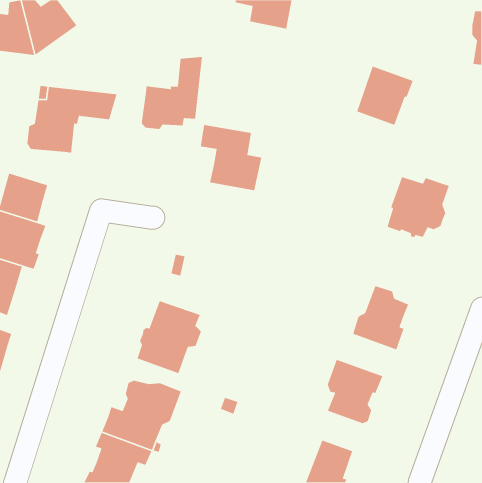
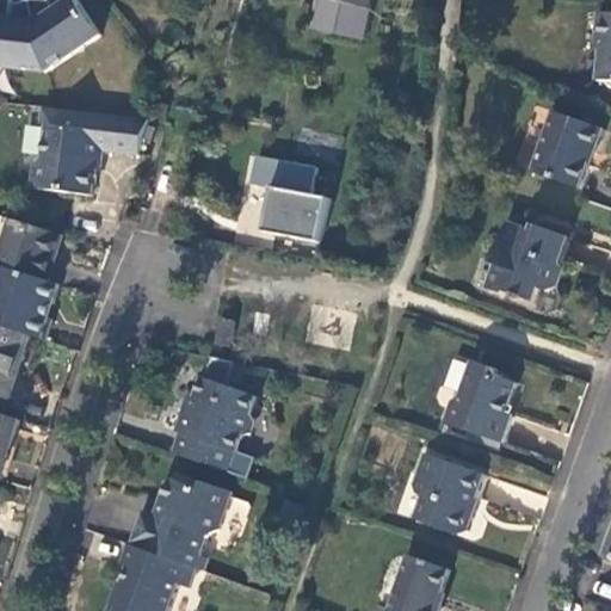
building: [141,56,203,130] -> none
building: [356,65,414,126] -> [530,111,603,187]

